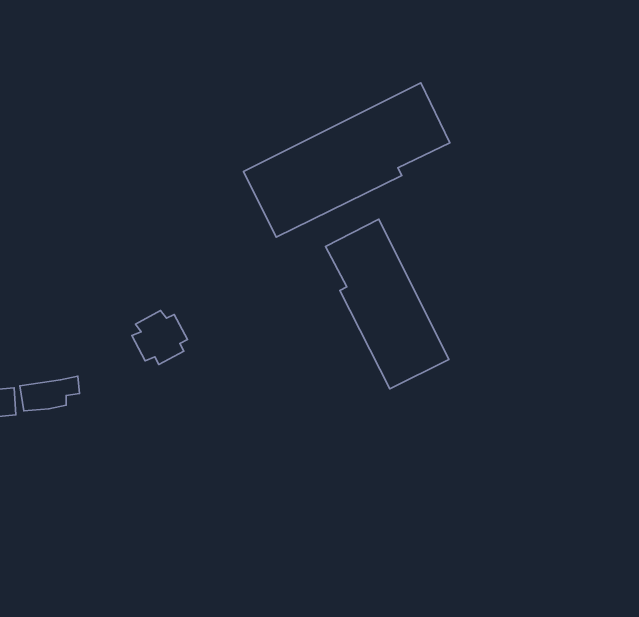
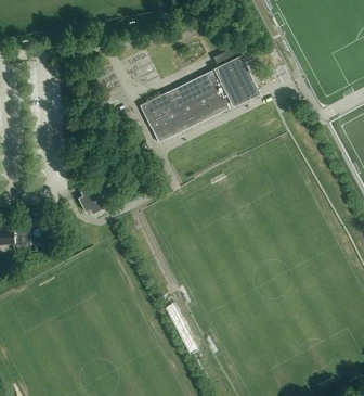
building: [326,219,449,389] -> none

